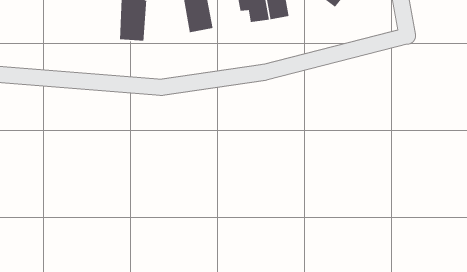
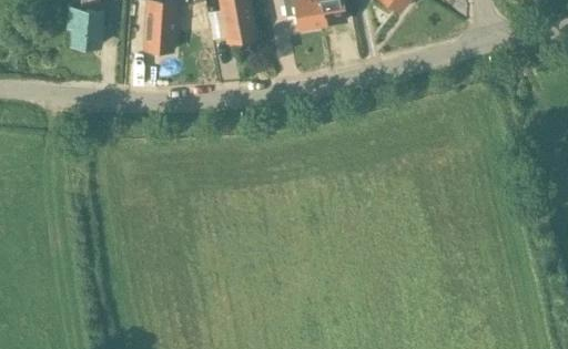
building: none -> [68,10,102,48]

